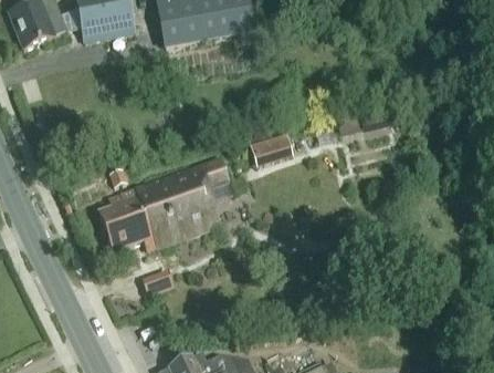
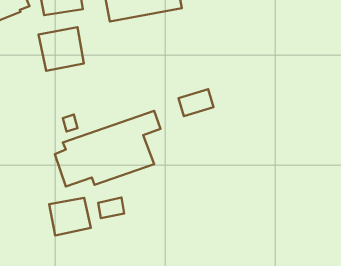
building: none -> [39,27,84,71]
building: none -> [49,198,91,235]

